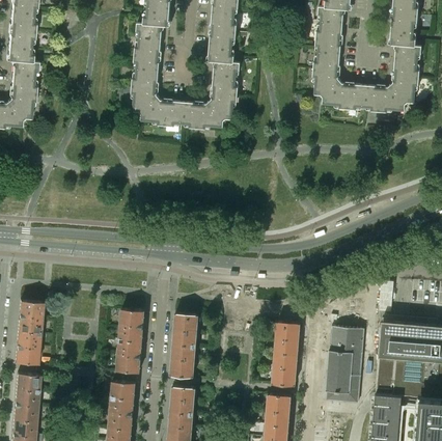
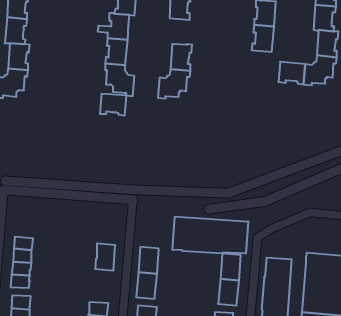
building: [209,29,237,62] -> none
building: [313,68,349,108] -> none
building: [166,101,199,128] -> [100,94,127,115]
building: none -> [173,217,248,254]
building: [116,339,142,373] -> none

